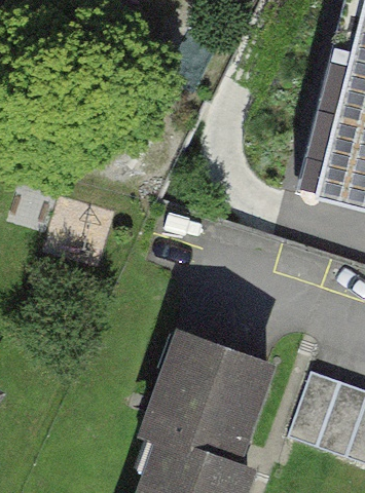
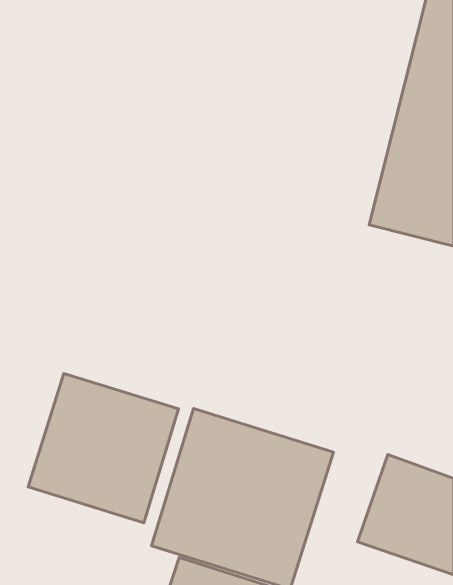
building: none -> [28,373,178,523]

